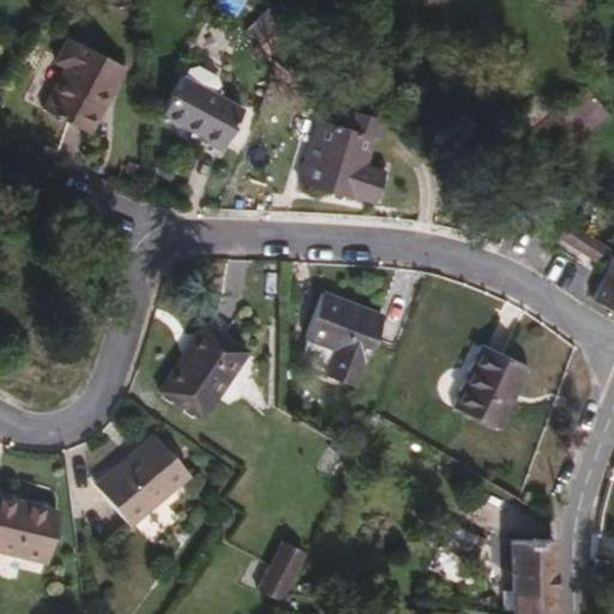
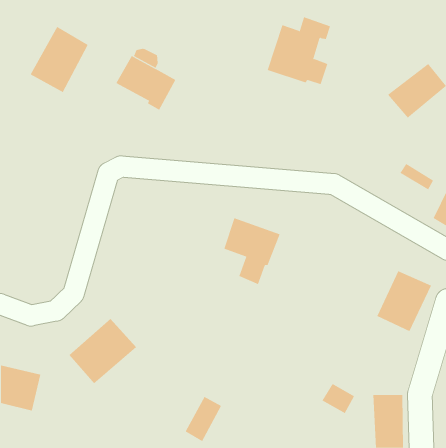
building: [302,109,390,203] -> [267,17,331,85]
building: [159,325,248,419] -> none
building: [456,348,531,432] -> [377,270,432,332]

